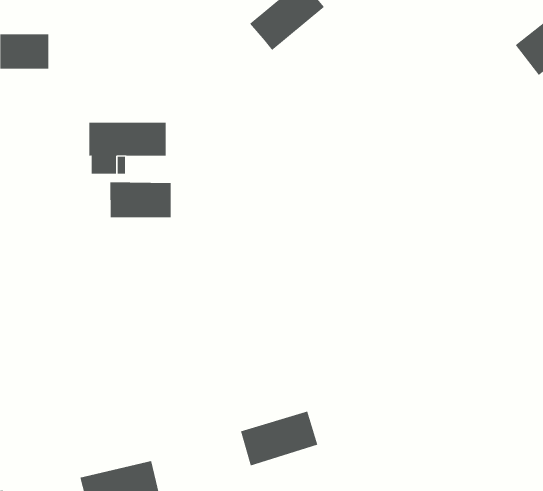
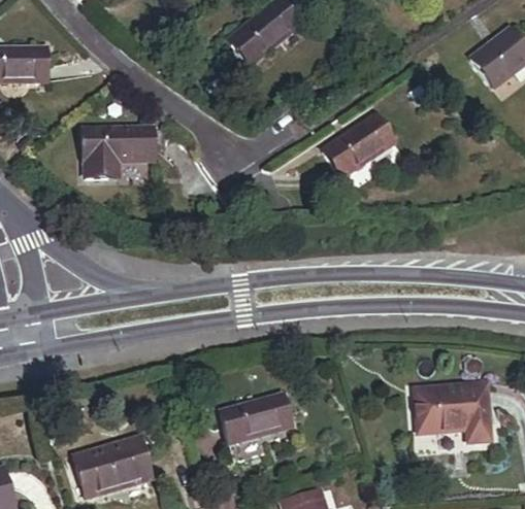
building: none -> [323,114,393,175]
building: [110,181,171,218] -> none
building: none -> [417,391,492,450]

